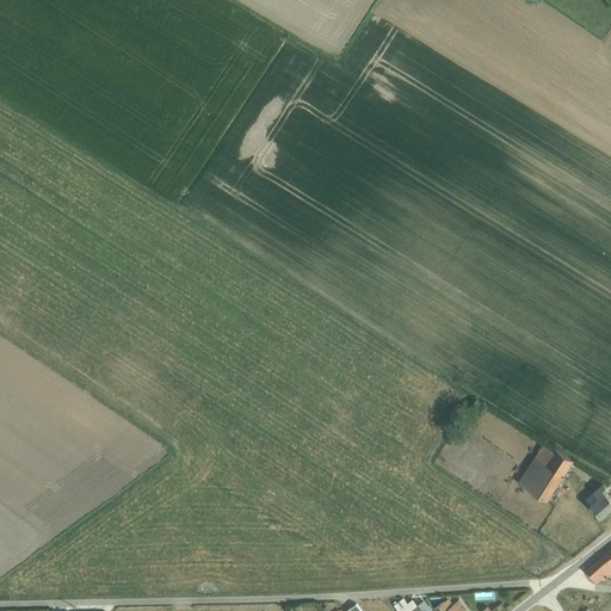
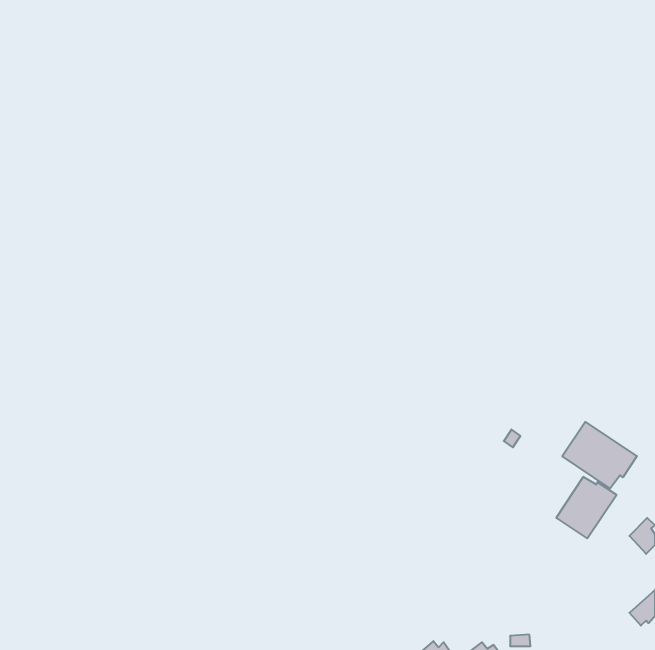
building: none -> [562,422,637,488]

